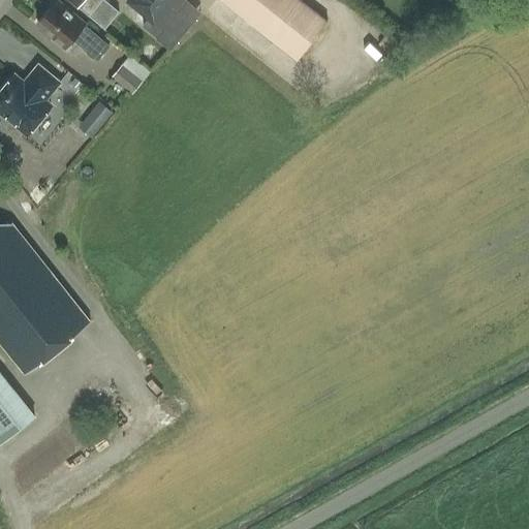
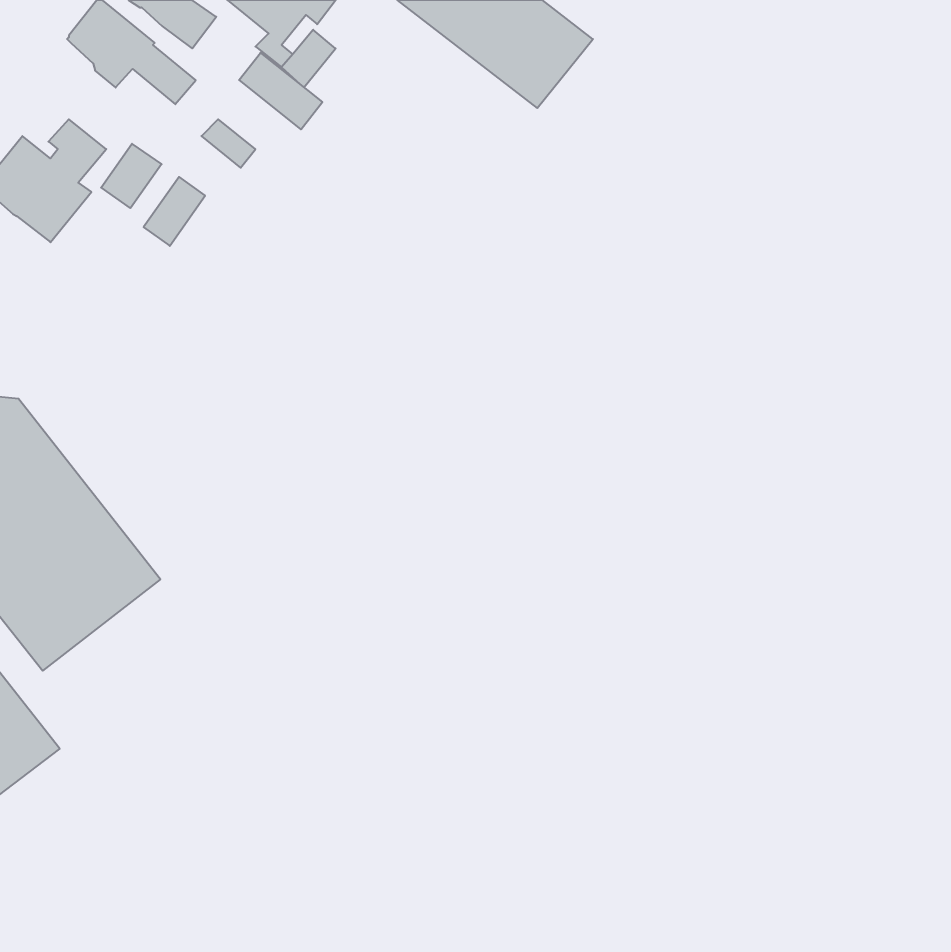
building: none -> [239,53,322,129]
building: none -> [101,144,162,208]

